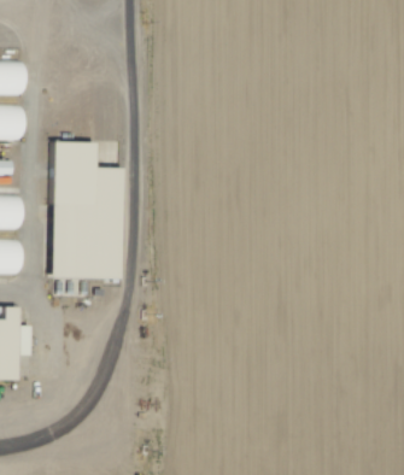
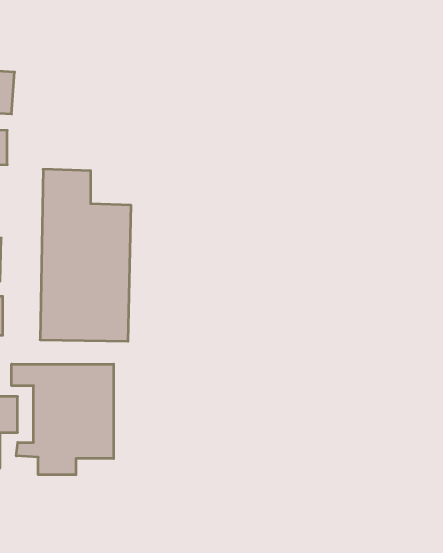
building: none -> [12,364,114,475]

